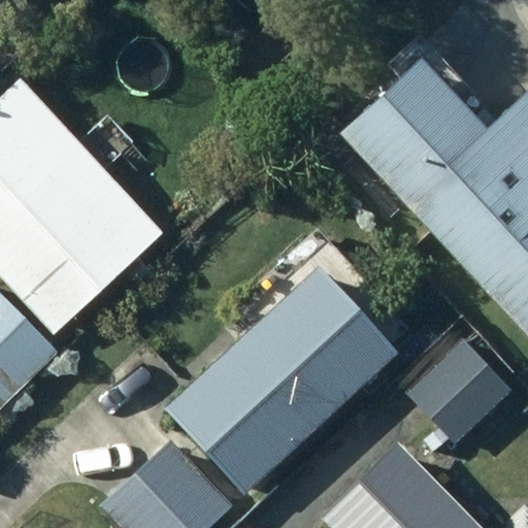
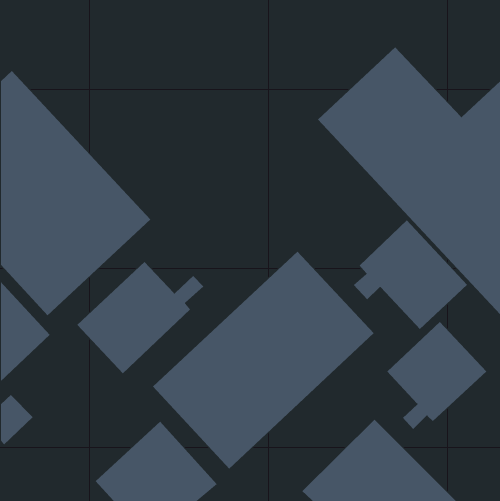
building: none -> [353,219,468,330]
building: none -> [76,261,204,374]

